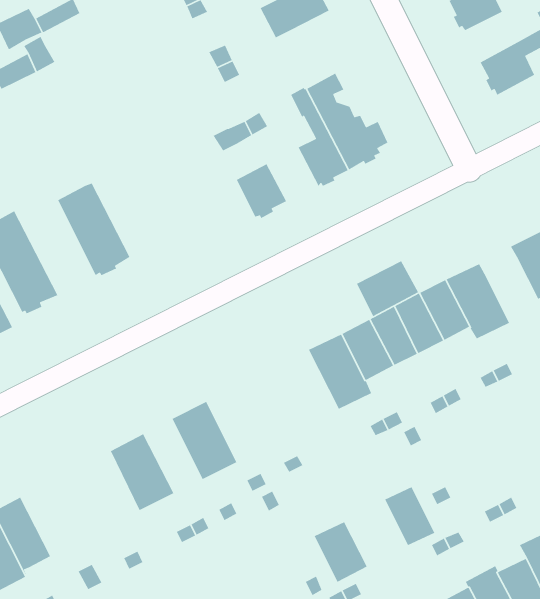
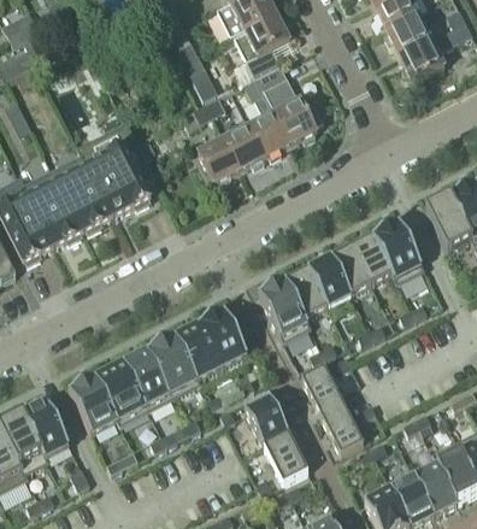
building: none -> [235,12,290,76]
building: none -> [385,13,430,54]
building: none -> [224,124,266,169]
building: none -> [81,127,154,214]
building: none -> [17,167,83,246]
building: [356,260,419,317] -> none
building: none -> [175,307,247,383]
building: none -> [123,347,171,408]
building: none -> [301,364,343,413]
building: none -> [67,374,119,431]
building: none -> [243,388,288,443]
building: none -> [22,399,69,460]

